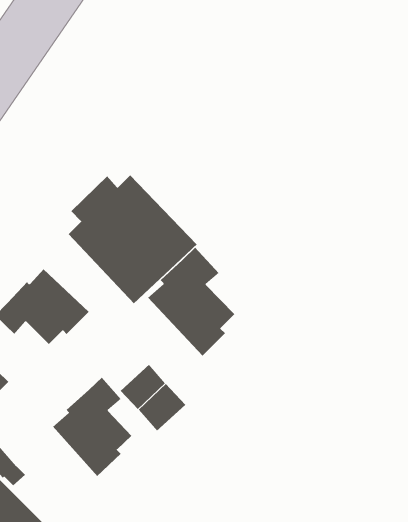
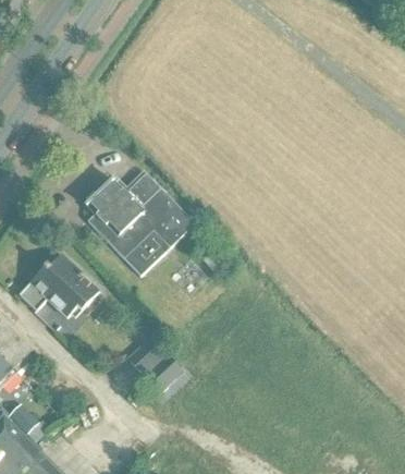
building: [147,247,235,357] -> none
building: [52,377,132,477] -> none

